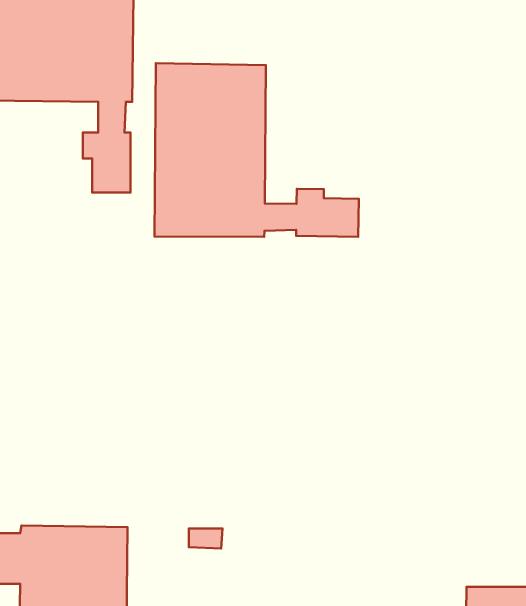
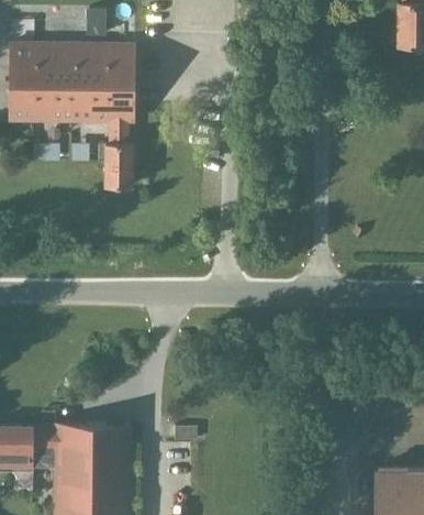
building: [154,63,359,237] -> none

